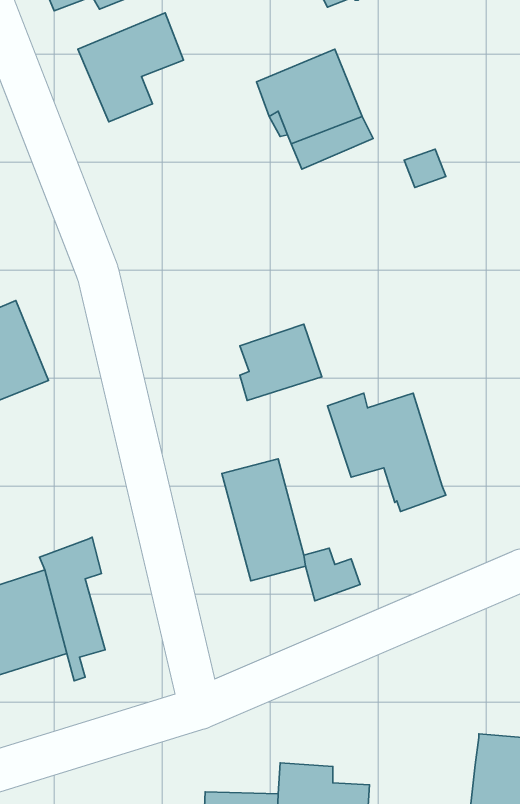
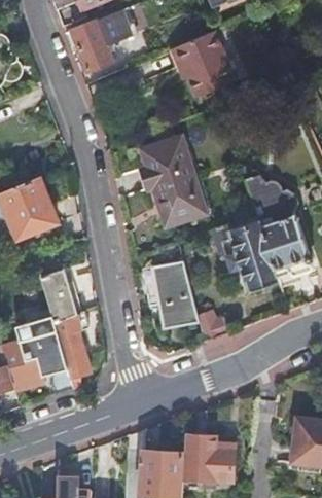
building: none -> [141,138,199,199]
building: none -> [241,167,312,278]
building: none -> [37,263,77,318]

